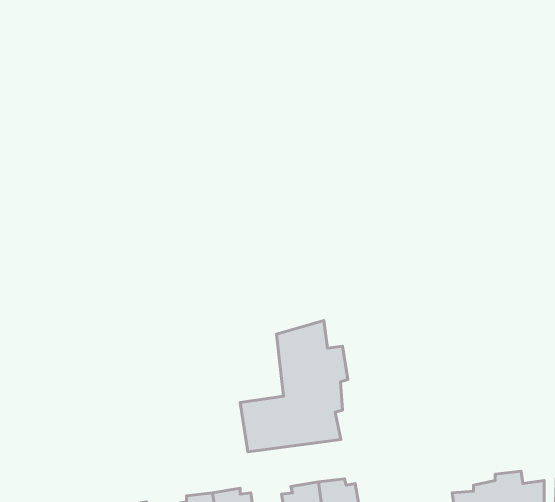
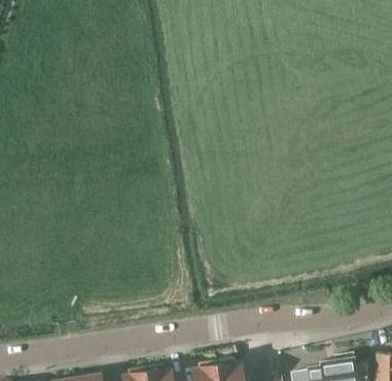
building: [240,320,348,452] -> none

